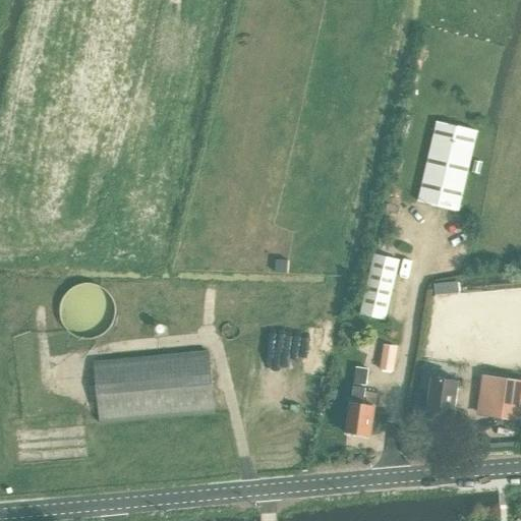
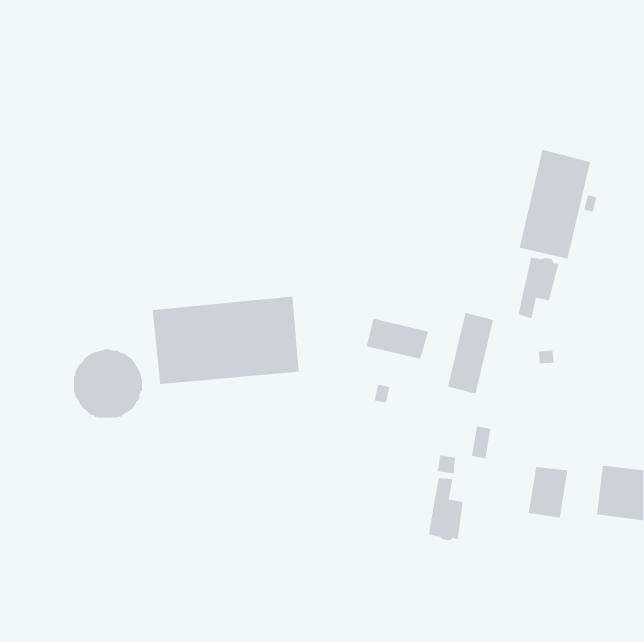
building: none -> [518,257,559,319]
building: none -> [366,318,429,360]
building: [94,349,213,420] -> [152,296,300,384]

